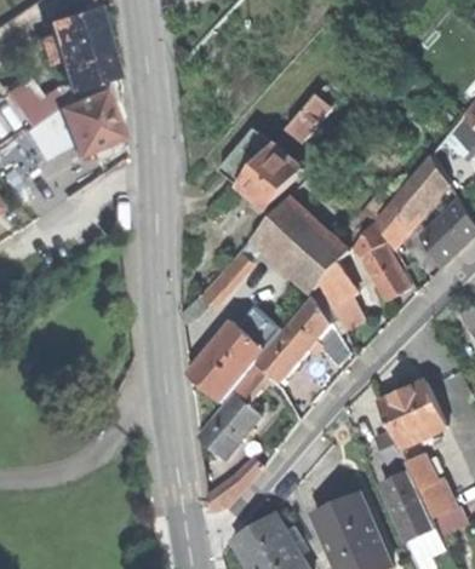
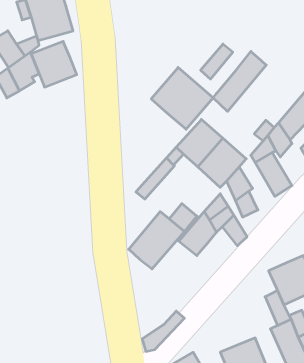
building: none -> [213,51,266,111]
building: [200,367,270,458] -> none

